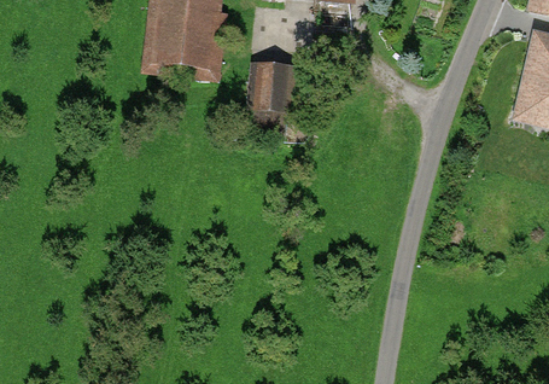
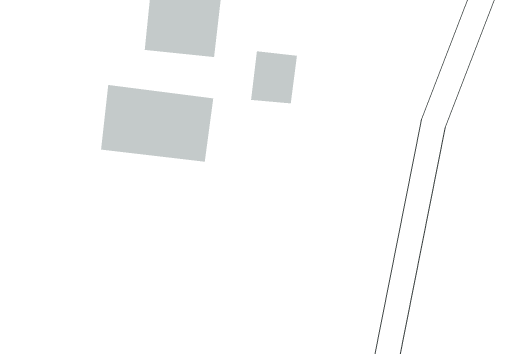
building: none -> [100,84,214,162]

